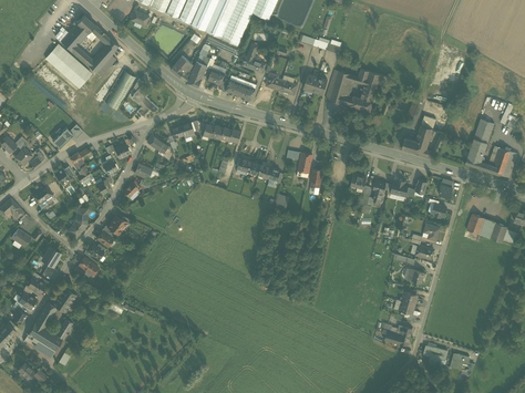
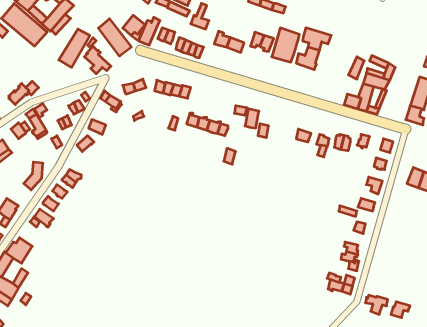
building: none -> [98,19,131,56]

